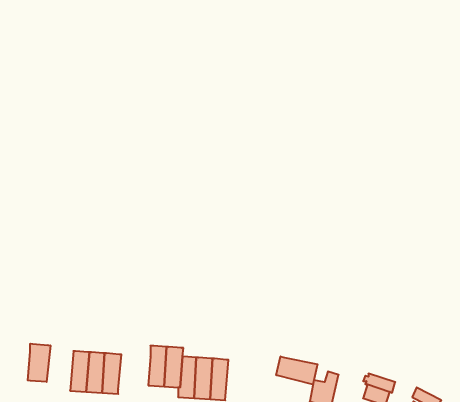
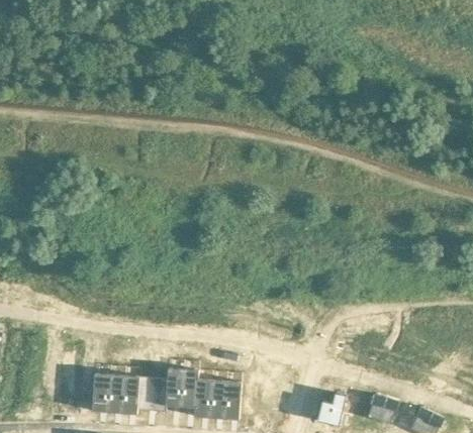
building: [28,344,50,382] -> none
building: none -> [134,376,165,412]
building: [276,356,318,384] -> none

